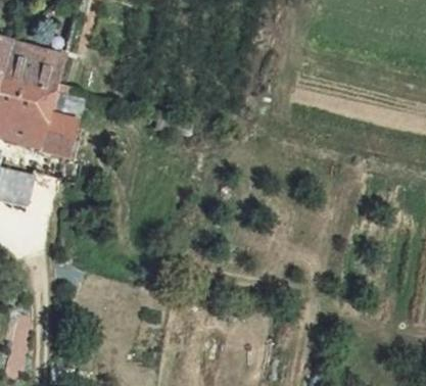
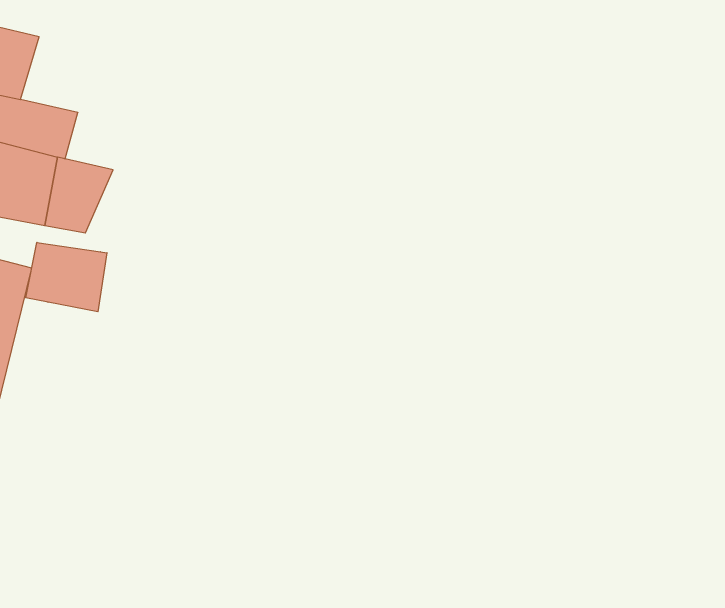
building: [26,46,66,88] -> none
building: none -> [26,242,107,312]

